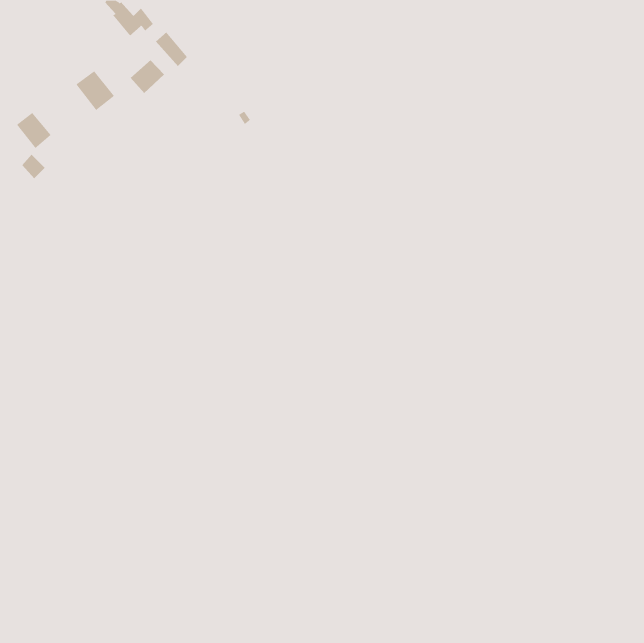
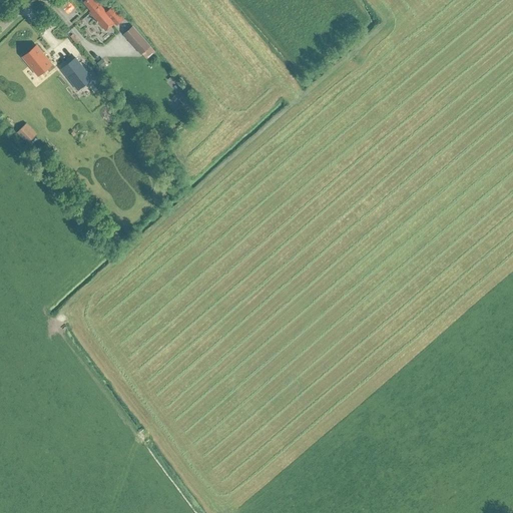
building: [130,60,165,94] -> none
building: [16,112,51,149] -> [23,47,51,76]

